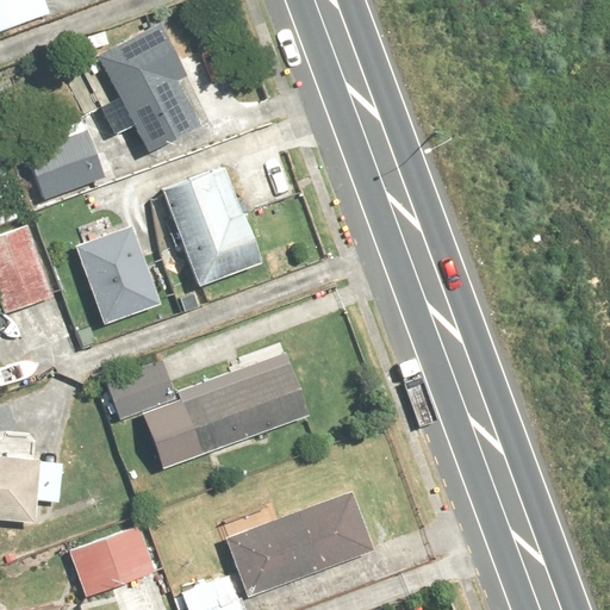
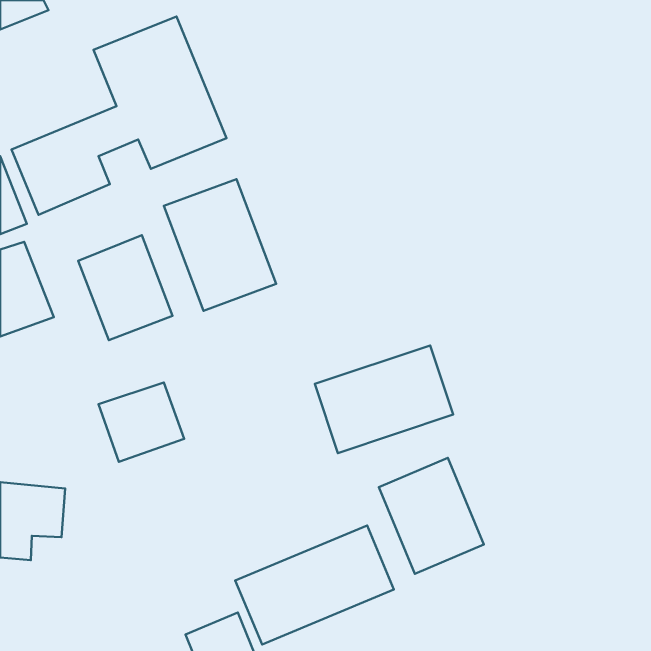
building: [176,354,305,454] -> [315,346,453,453]
building: none -> [379,458,484,574]
building: [67,528,155,598] -> none

